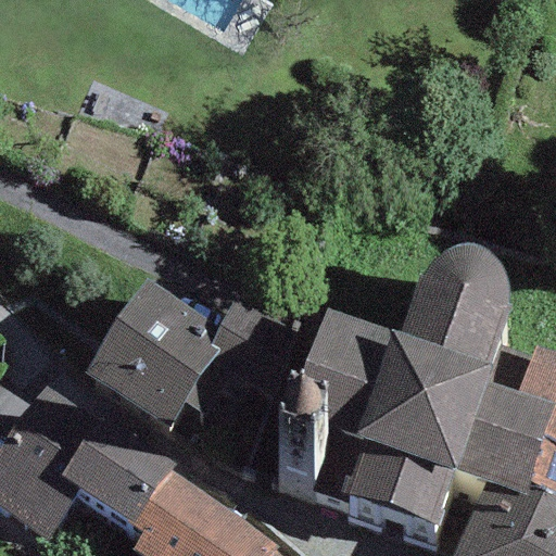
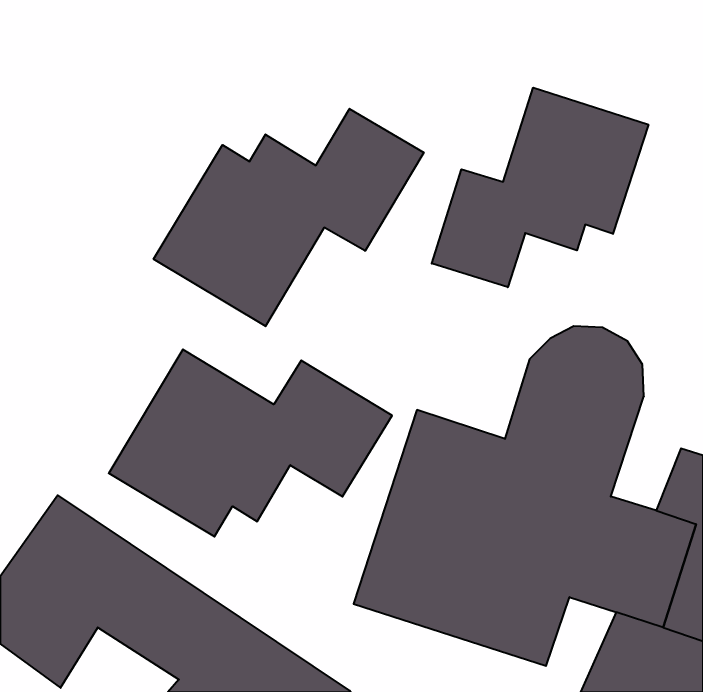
building: none -> [432,88,648,287]
building: none -> [154,109,424,326]

